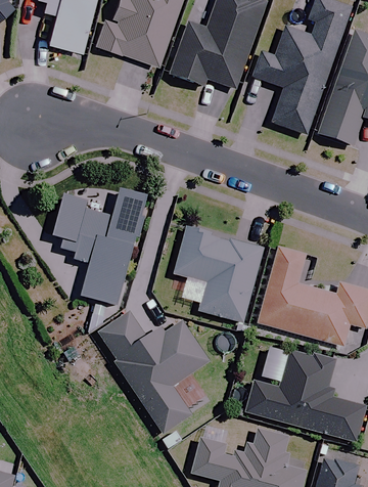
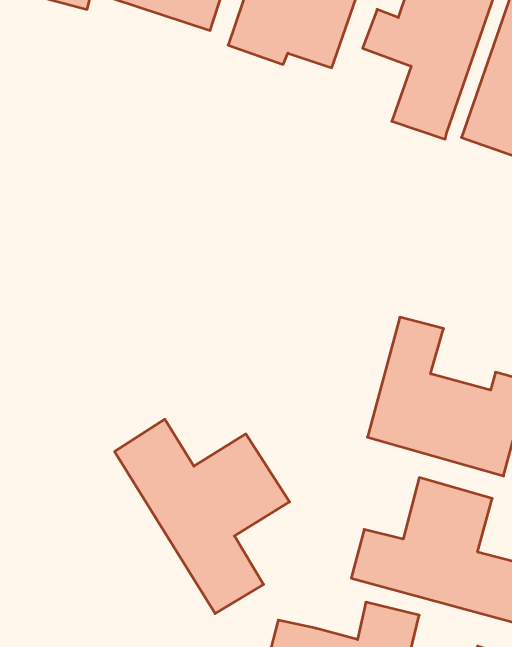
building: [52,191,146,305] -> none
building: [175,226,264,322] -> none

